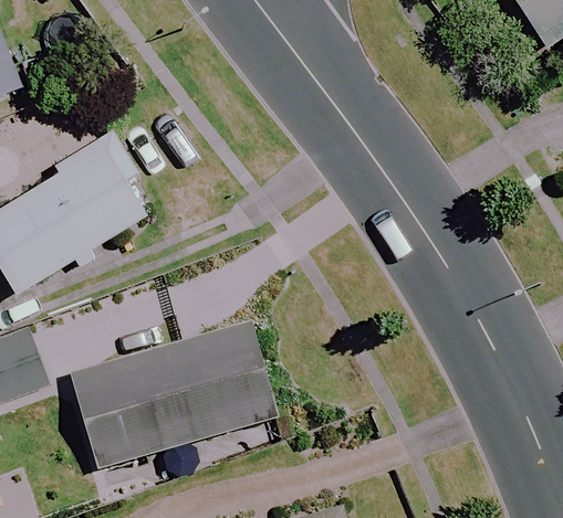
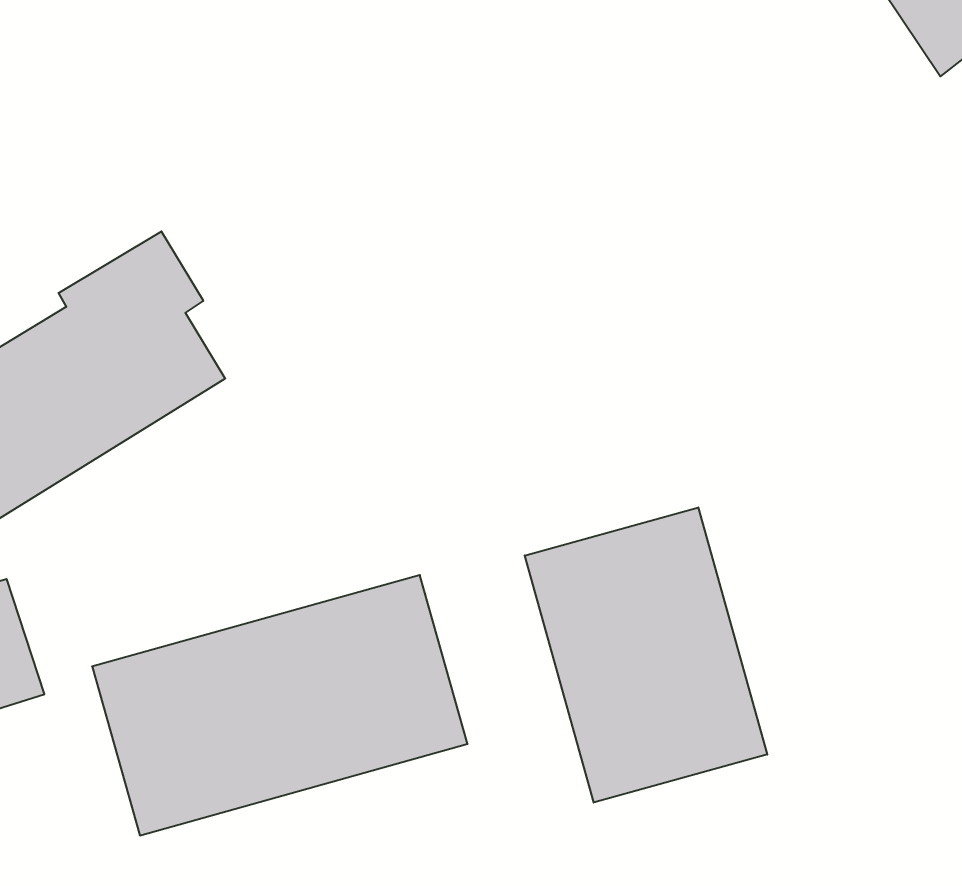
building: none -> [525,507,767,803]

